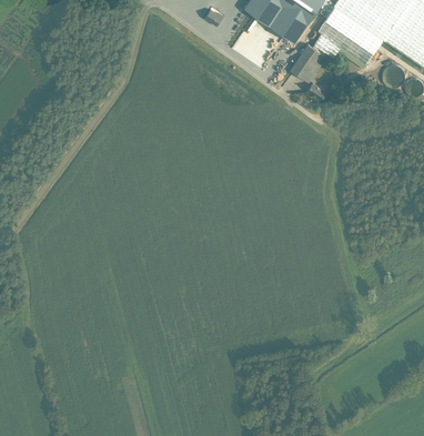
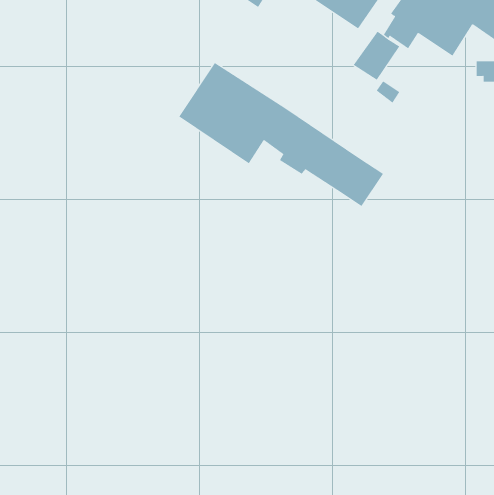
building: none -> [179,62,384,207]

